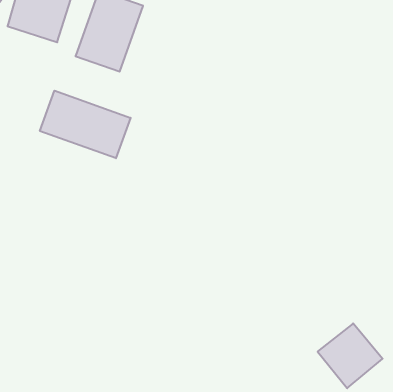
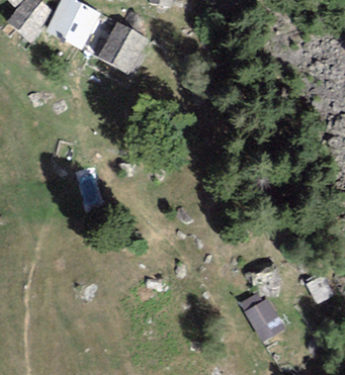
building: [40,91,131,158] -> none

